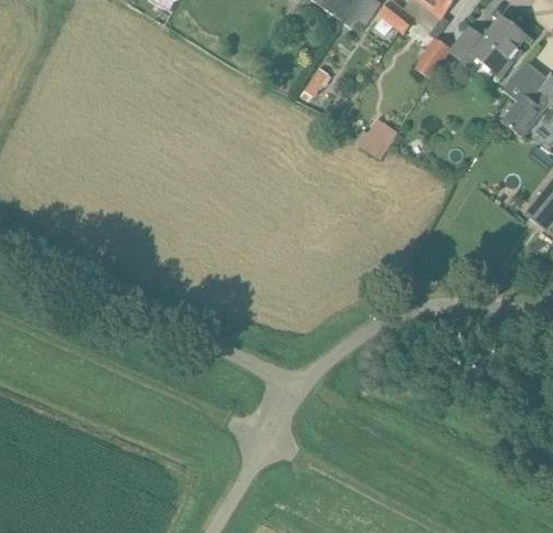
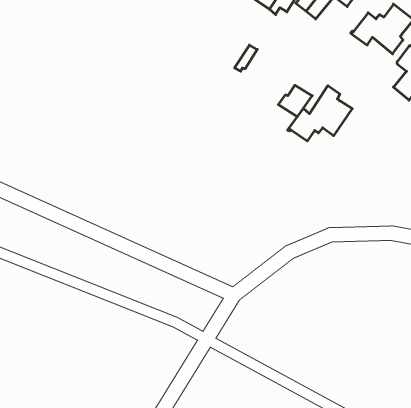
building: [414,38,449,78] -> none
building: none -> [288,86,352,141]

